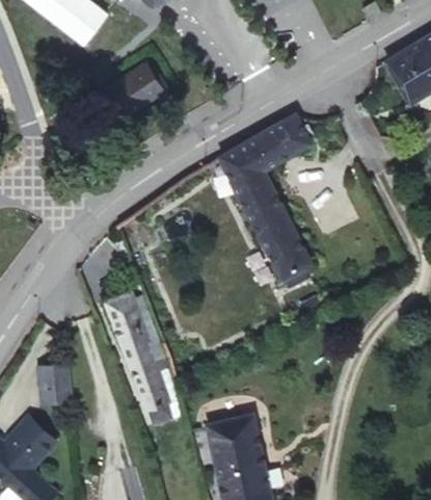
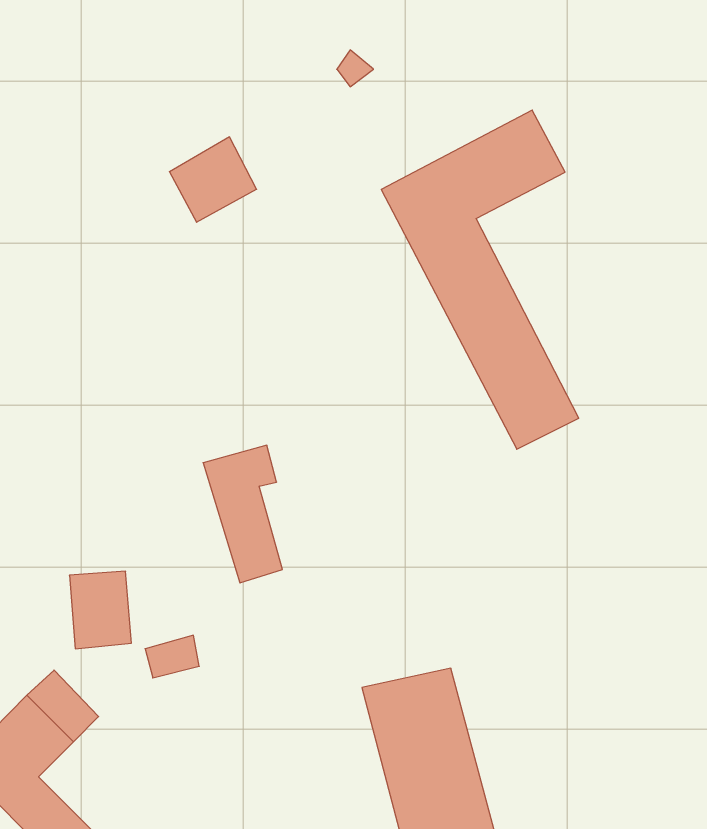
building: [119,64,166,110] -> [169,137,257,222]
building: [135,359,176,424] -> none

